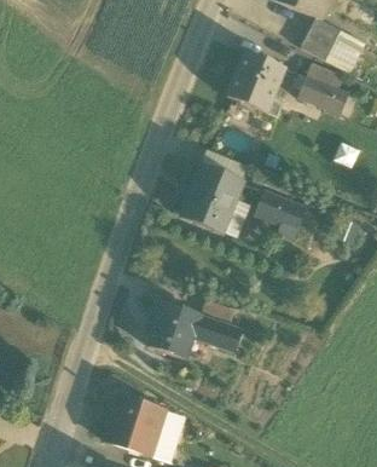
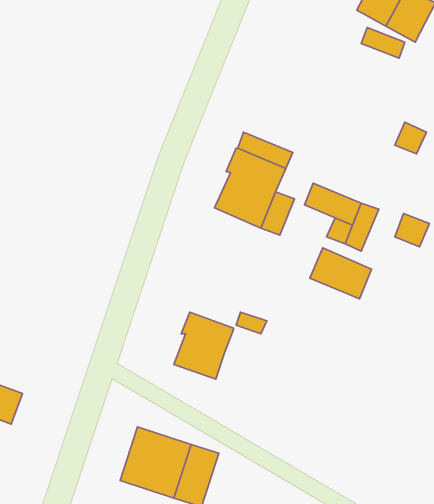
building: [227,51,283,110] -> none
building: [295,76,346,114] -> none
building: none -> [310,248,371,299]
building: [190,315,239,348] -> none

